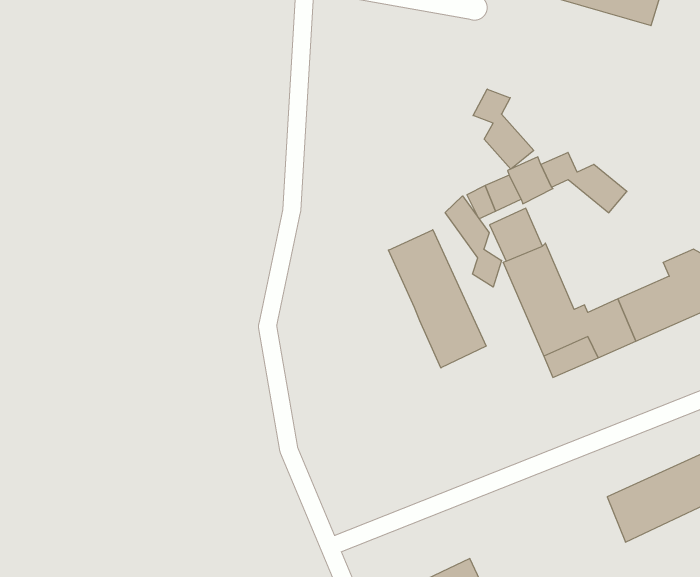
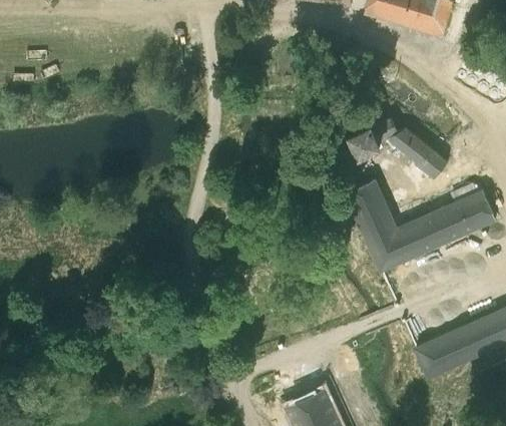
building: [473,89,534,169] -> none
building: none -> [415,146,449,179]
building: [445,196,502,287] -> none
building: [388,230,486,368] -> none

